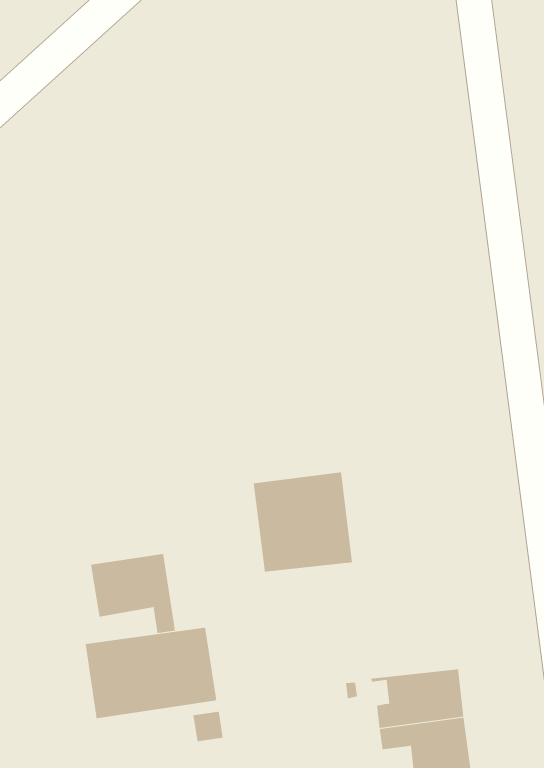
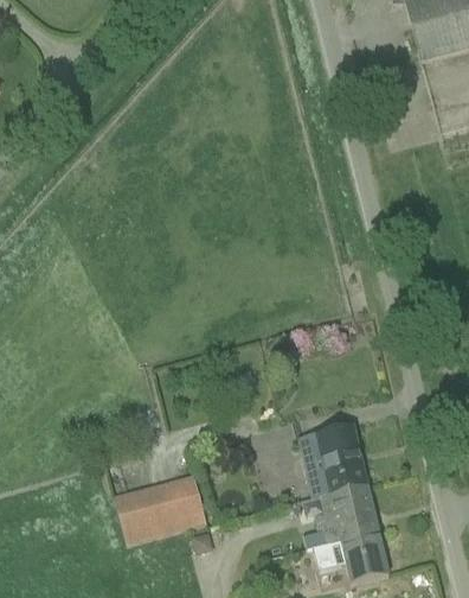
building: [253,472,353,572] -> [295,424,368,497]
building: [91,553,175,634] -> none

